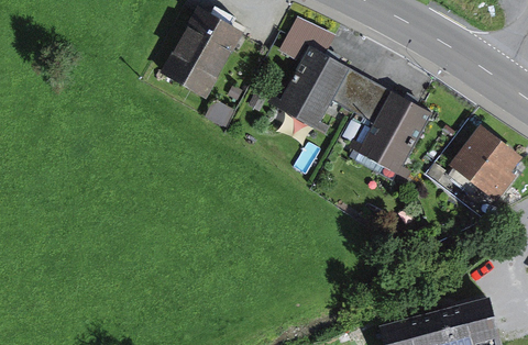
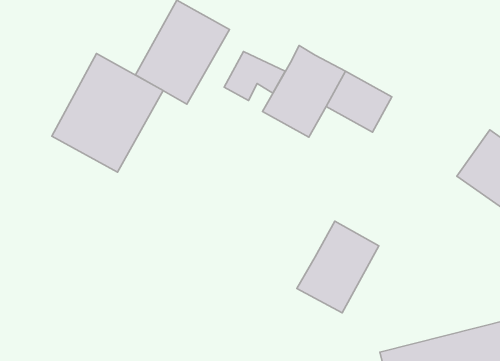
building: [278,18,333,62] -> [224,52,285,101]
building: none -> [52,53,163,172]
building: [358,92,431,175] -> [297,221,379,313]

